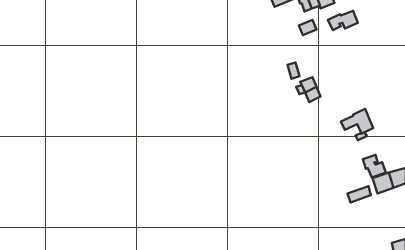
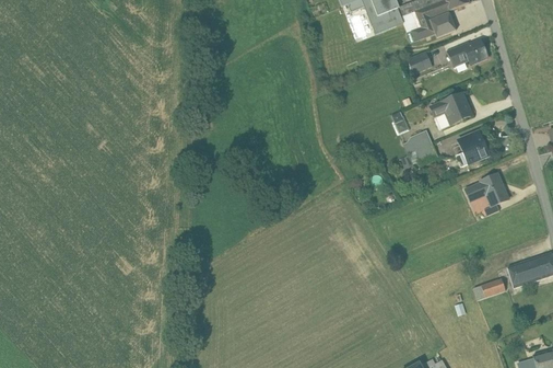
building: none -> [428,92,471,128]
building: none -> [457,131,489,163]
building: [363,155,386,178] -> none

